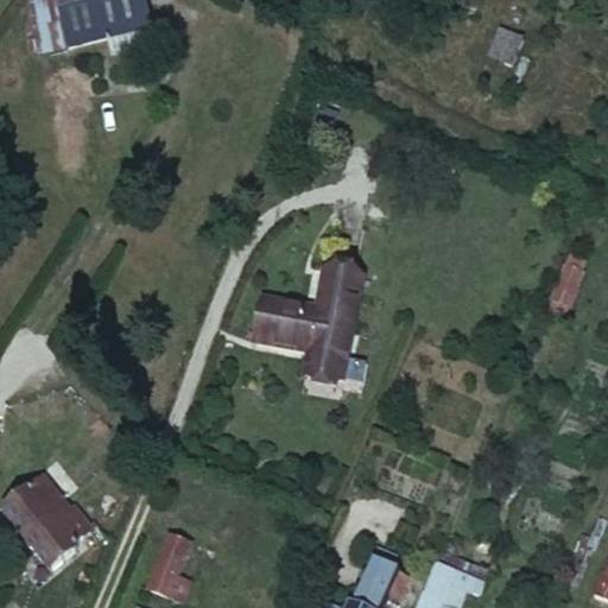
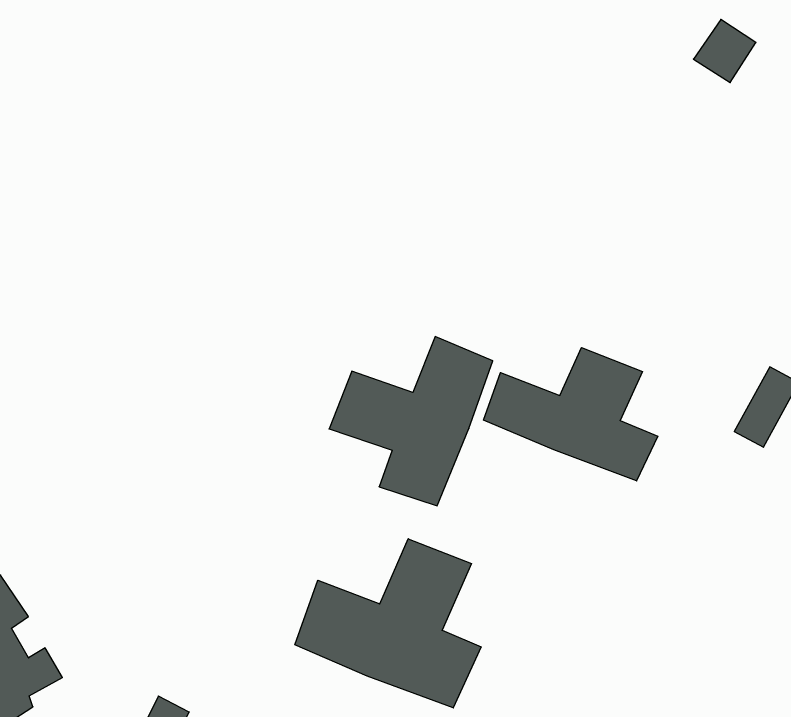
building: none -> [484,348,658,481]
building: none -> [295,539,481,708]

